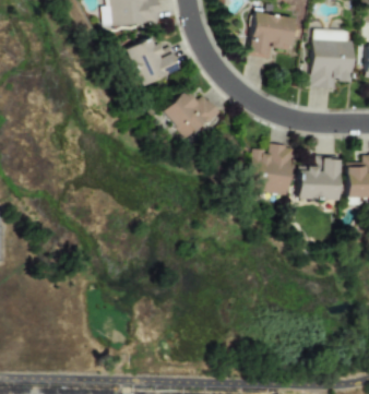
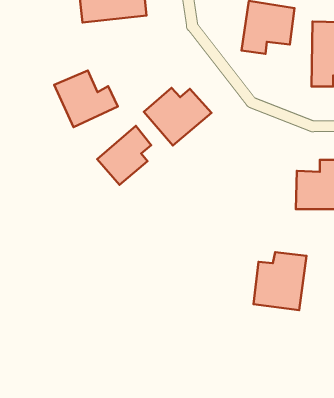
building: [124,36,182,87] -> [54,71,118,127]
building: none -> [97,126,151,185]
building: [248,143,296,195] -> [254,252,307,310]

